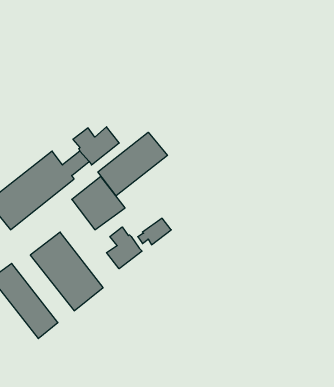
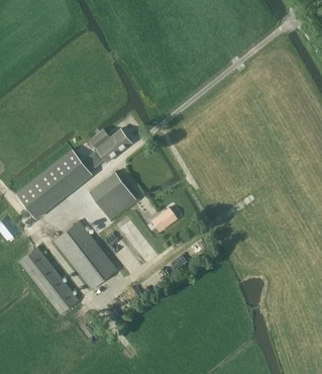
building: [98,132,167,196] -> none
building: [107,227,142,269] -> none

